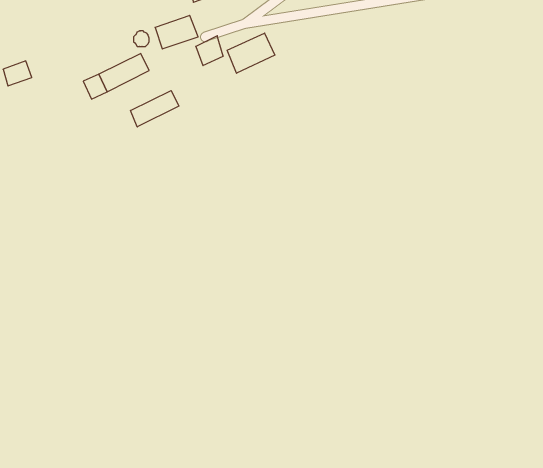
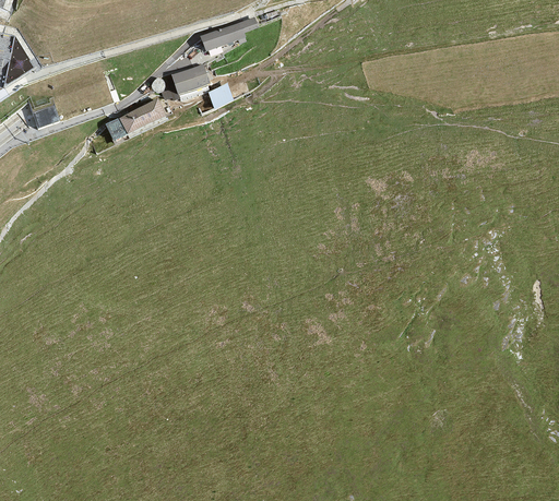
building: [227,33,275,73] -> none
building: [131,91,179,127] -> none

